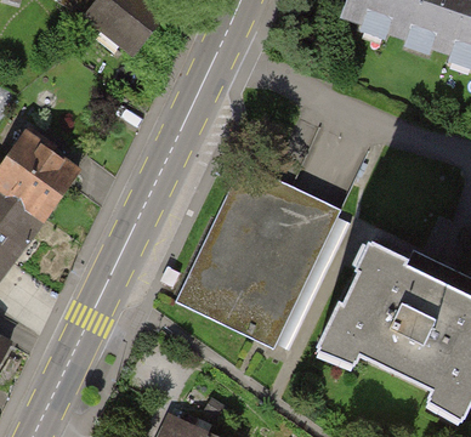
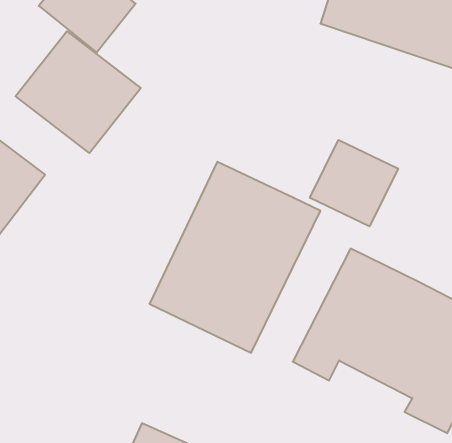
building: none -> [16,31,141,153]
building: none -> [310,140,398,226]

